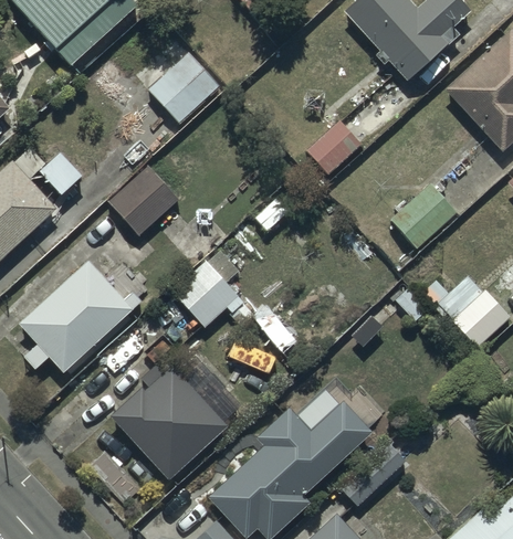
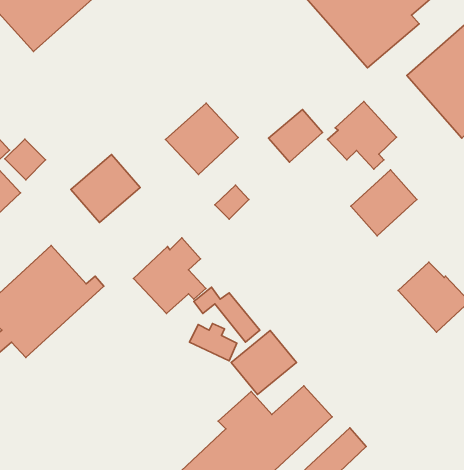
building: [150,57,223,129] -> [166,103,238,175]
building: none -> [327,101,396,169]
building: none -> [231,331,296,395]
building: [111,366,228,480] -> none

